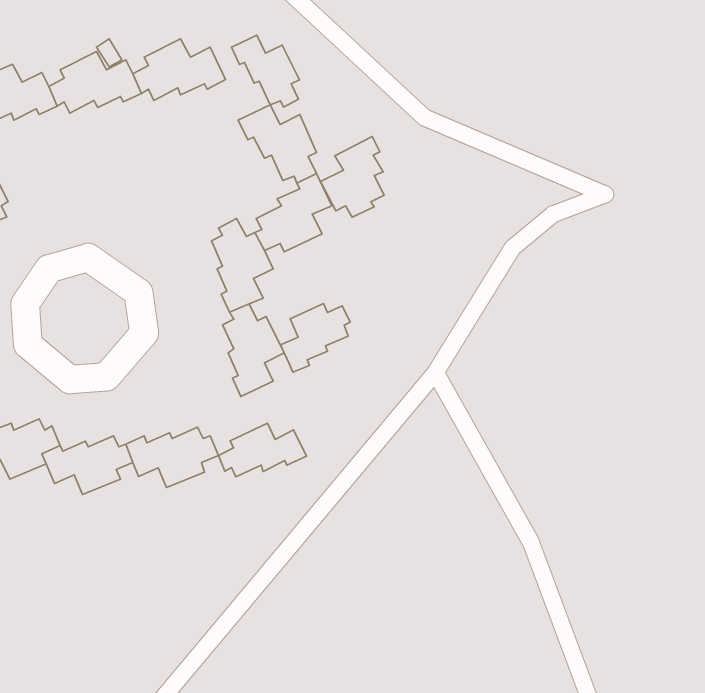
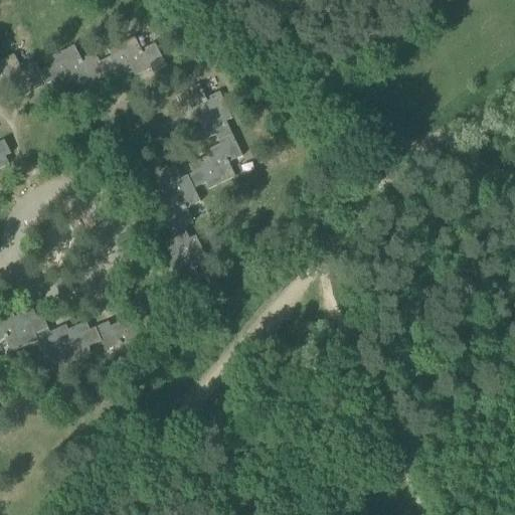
building: [232,35,300,107] -> none
building: [320,137,384,217] -> none
building: [281,303,350,372] -> none
building: [218,423,307,477] -> none

